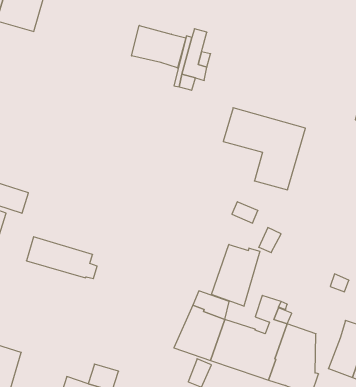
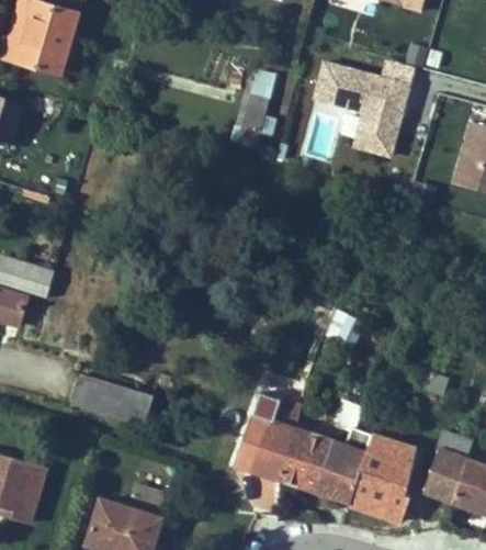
building: [132,25,186,68] -> none
building: [223,108,305,190] -> [312,54,412,155]
building: [26,237,97,279] -> [71,374,158,426]
building: [211,244,260,306] -> none

